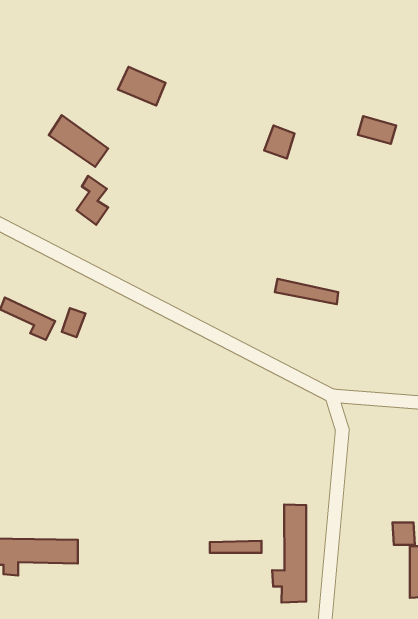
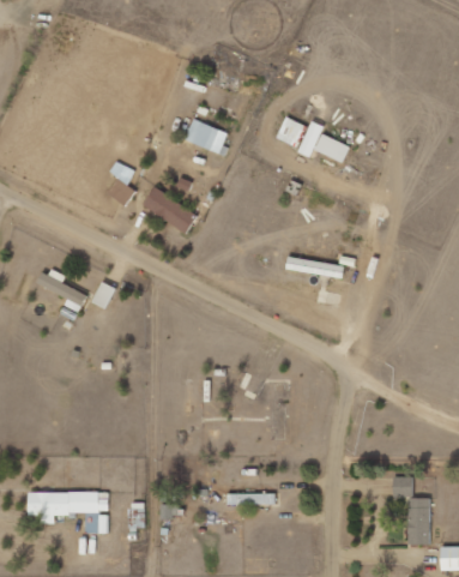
building: [118,67,165,105] -> [183,119,227,154]
building: [49,115,108,167] -> [141,186,195,233]
building: [358,116,396,144] -> [314,136,349,161]
building: [272,505,306,603] -> none

